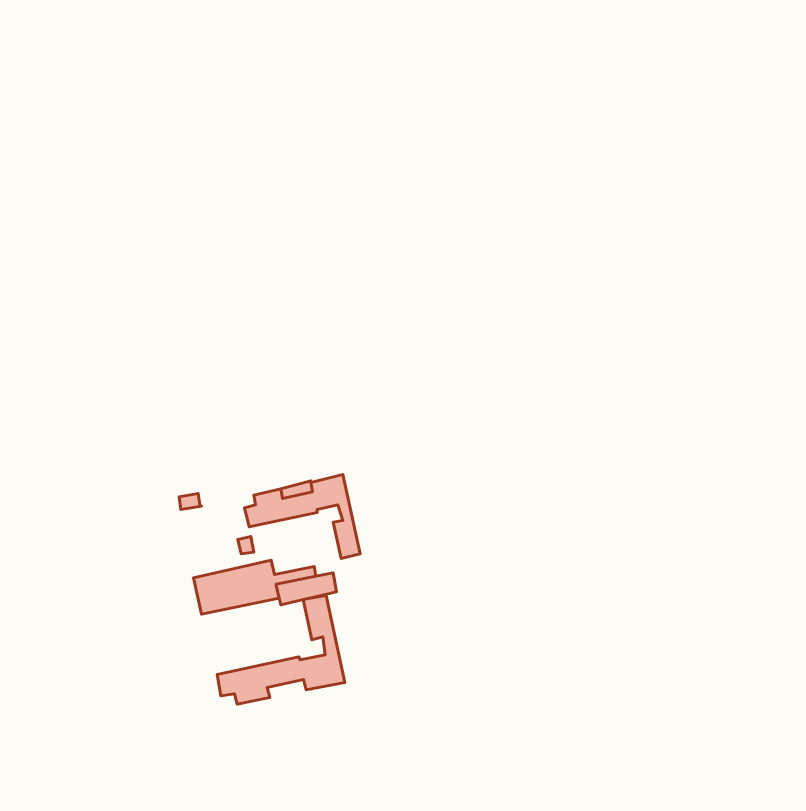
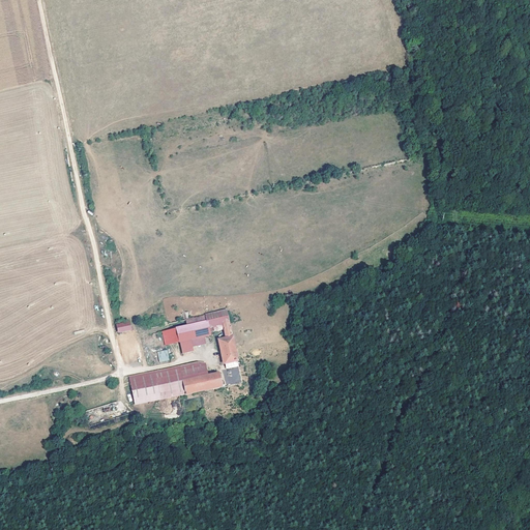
building: [217,595,345,704] -> none

